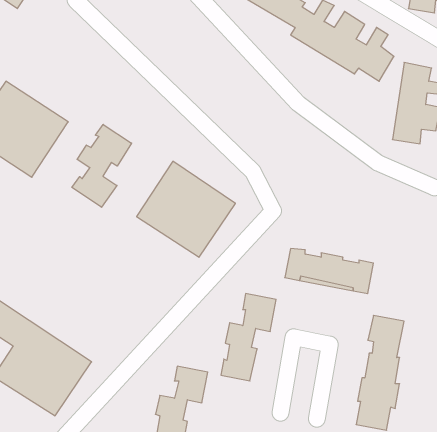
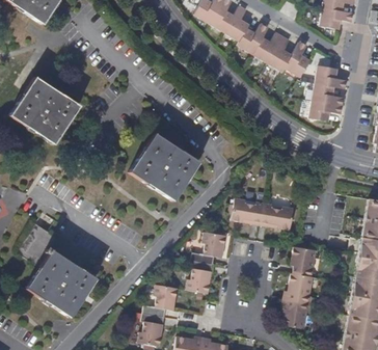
building: [72,124,132,207] -> none

